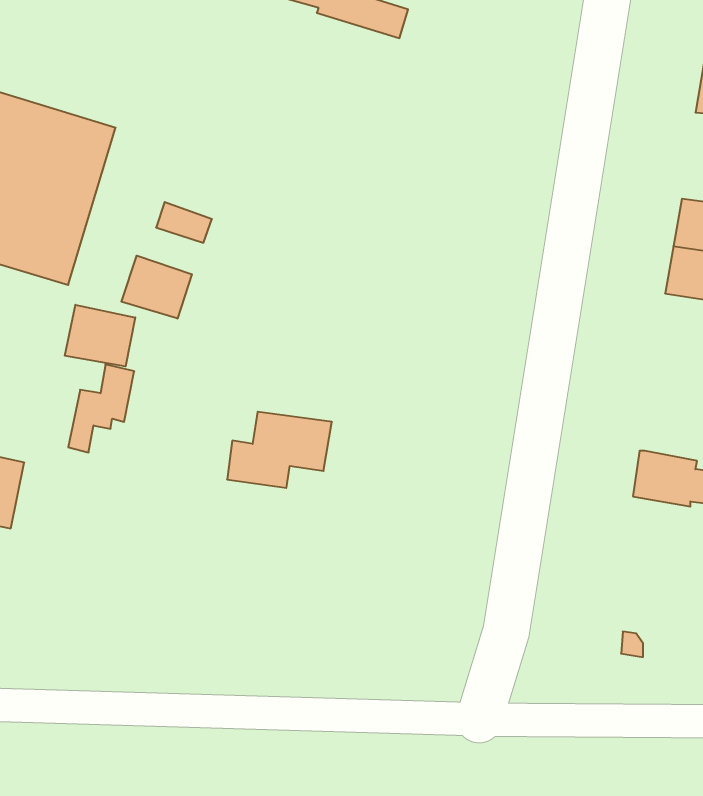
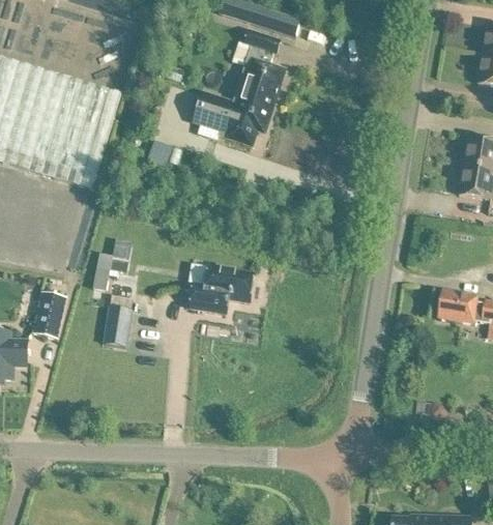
building: none -> [195,29,284,143]
building: [121,256,192,319] -> none
building: [65,305,135,366] -> none
building: none -> [103,305,132,347]

